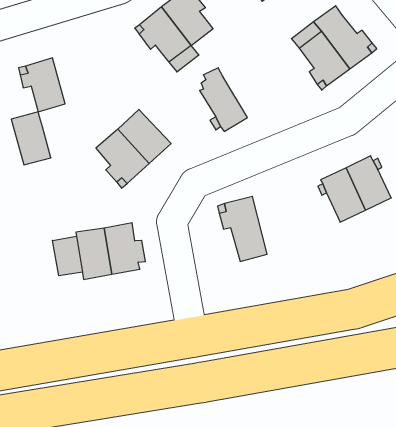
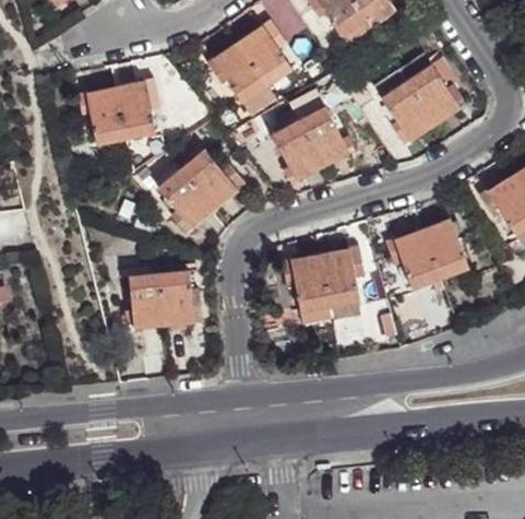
building: none -> [290,92,349,167]
building: [11,112,51,165] -> [117,82,156,138]
building: none -> [320,247,361,316]
building: [52,236,82,276] -> none

